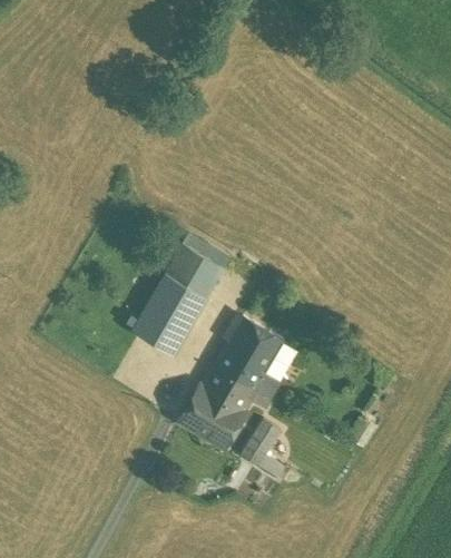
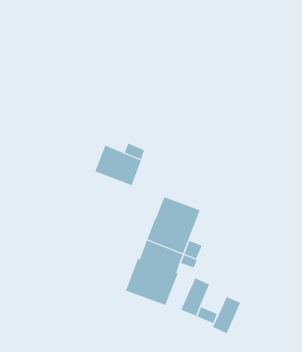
building: [133,274,208,355] -> none
building: none -> [212,296,241,334]

